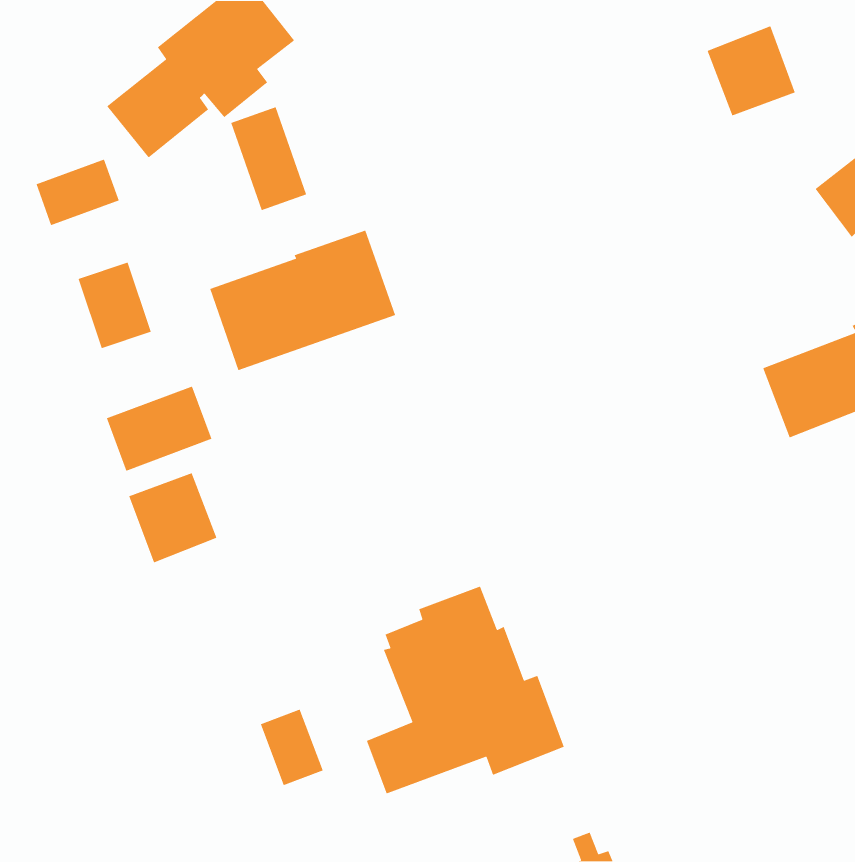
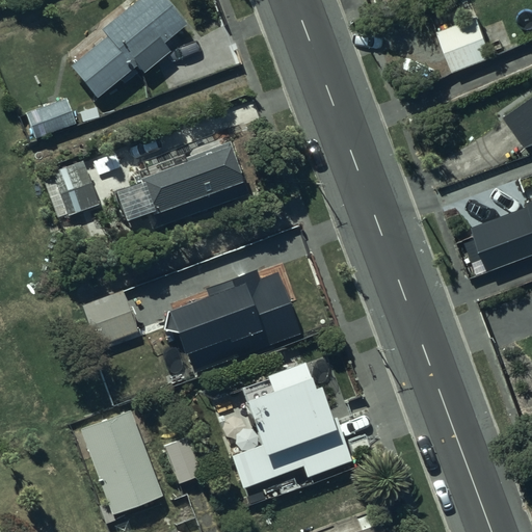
building: [230,106,307,211] -> none
building: [106,385,213,472] -> none
building: none -> [165,262,301,375]
building: none -> [80,409,163,515]

